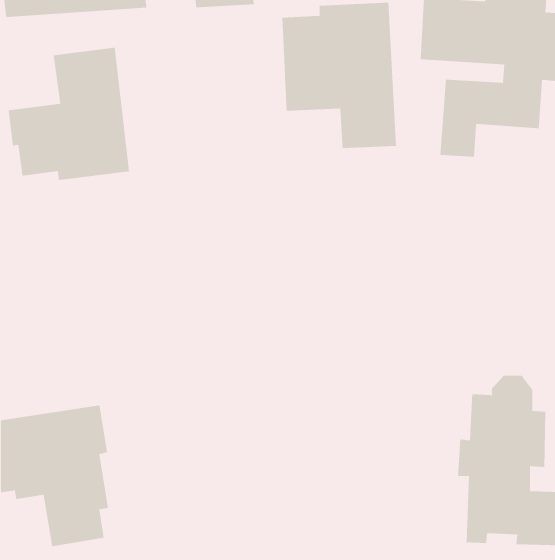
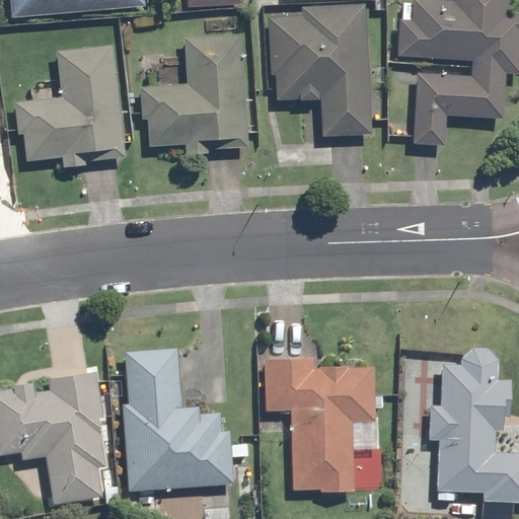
building: none -> [138,33,248,152]
building: none -> [121,347,233,491]
building: none -> [263,357,378,494]

